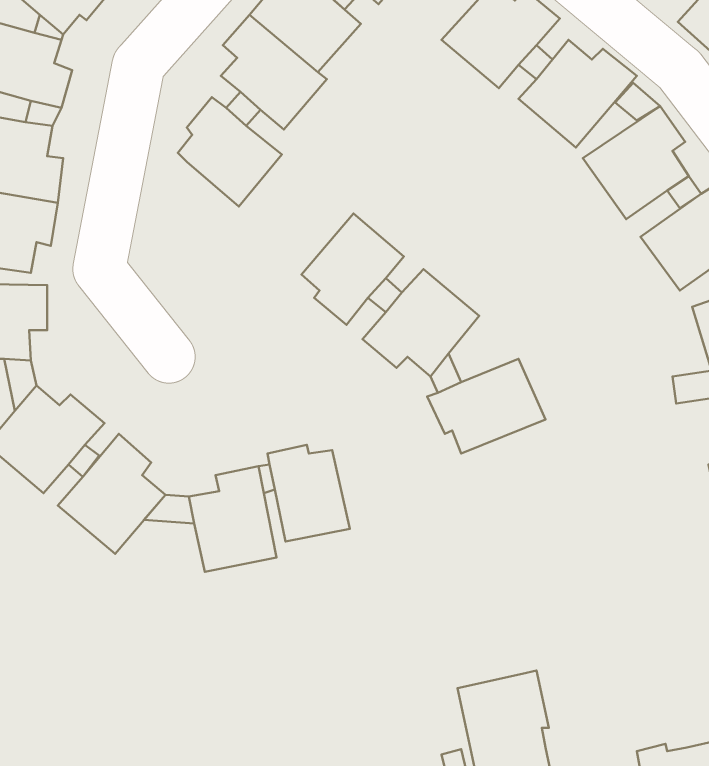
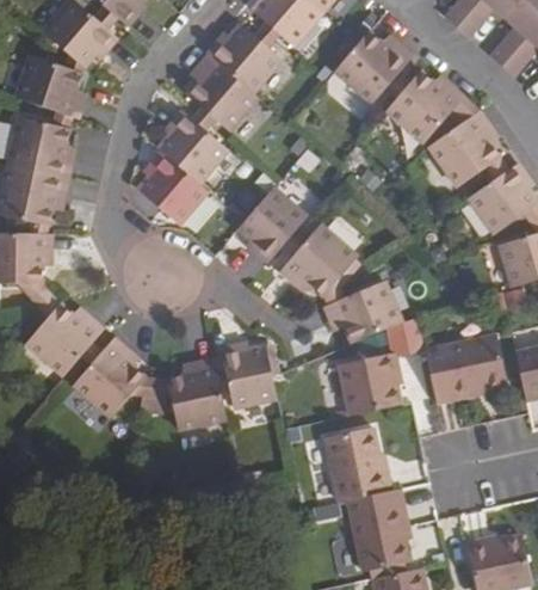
building: none -> [141,152,210,223]
building: none -> [422,336,503,404]
building: none -> [335,354,398,418]
building: none -> [321,429,388,504]

